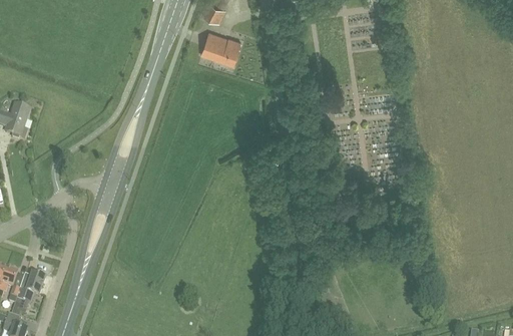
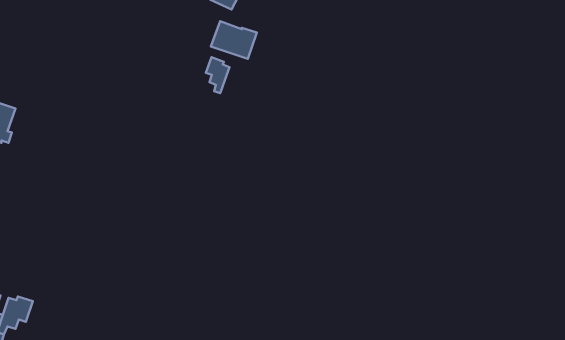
building: none -> [206,57,229,93]

